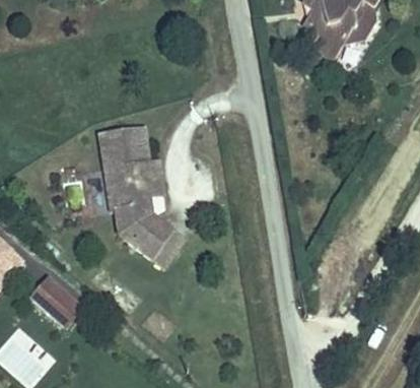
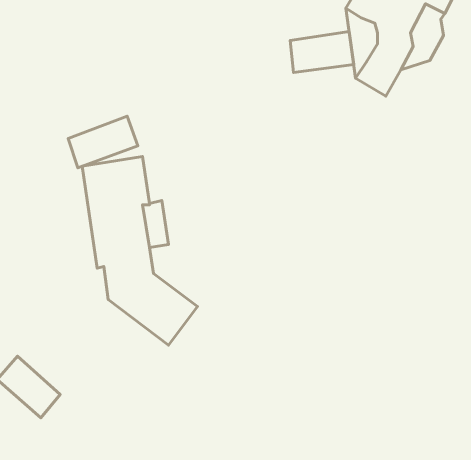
building: none -> [290,32,354,73]
building: none -> [68,116,138,168]

